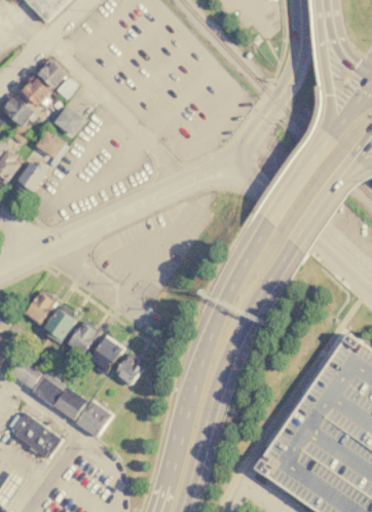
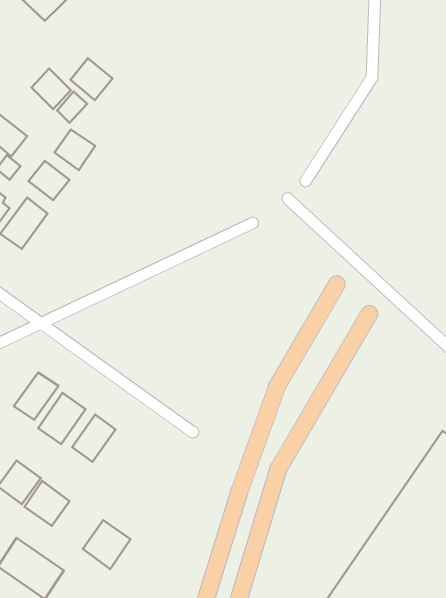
building: [17,74,49,106] -> [70,58,112,100]
building: [87,336,123,375] -> none
building: [114,356,143,386] -> none
building: [51,386,86,419] -> none

